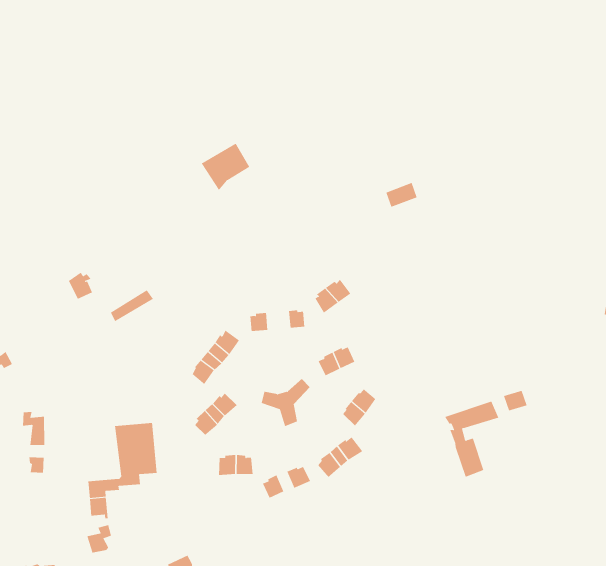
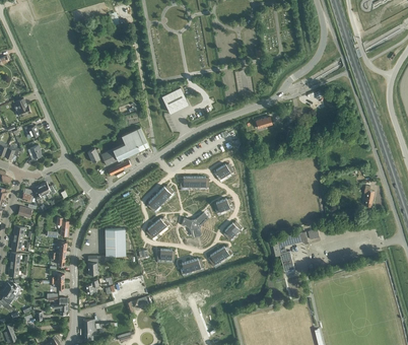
building: none -> [99,128,147,166]

